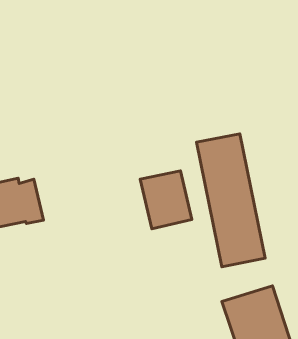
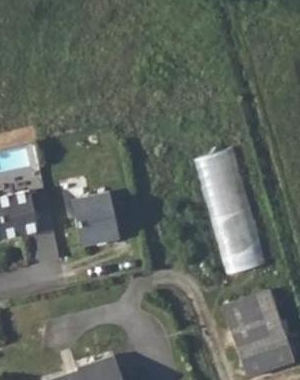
building: [140,171,192,229] -> [69,192,118,247]

